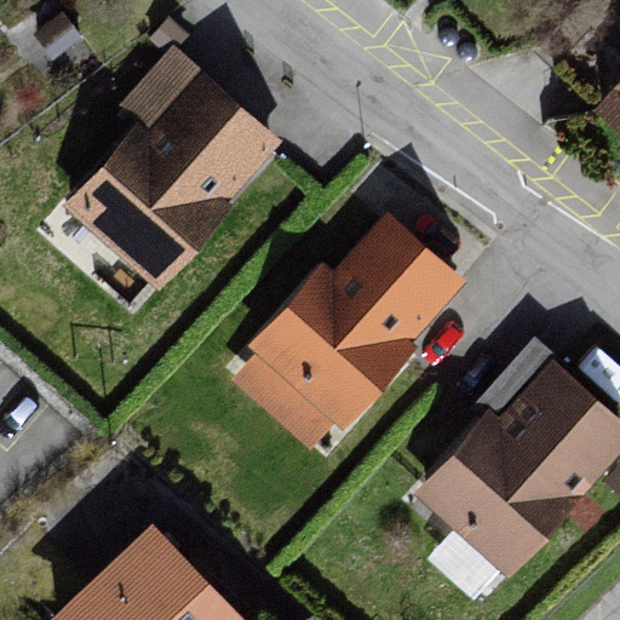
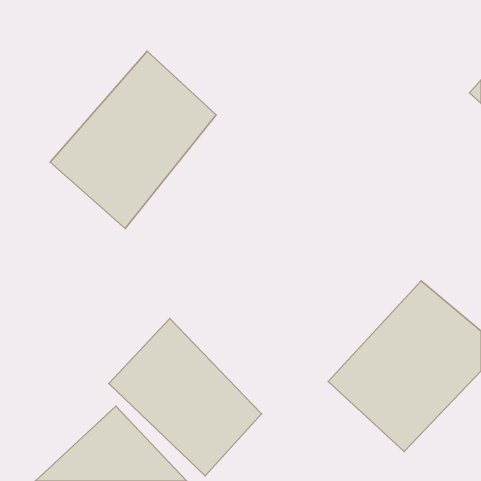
building: [225,216,467,454] -> none
building: none -> [109,319,262,476]

